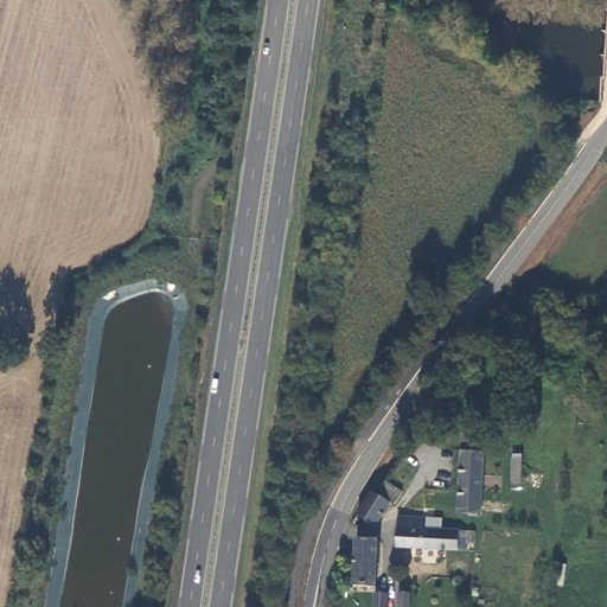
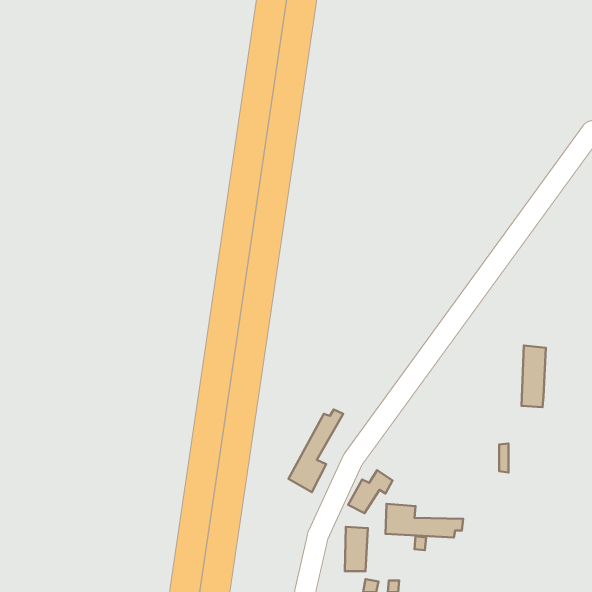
building: none -> [288,409,343,492]
building: [458,449,483,512] -> [521,346,546,407]

